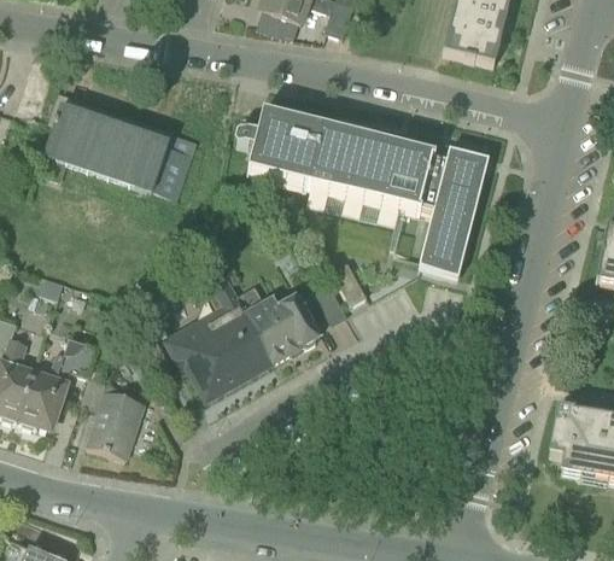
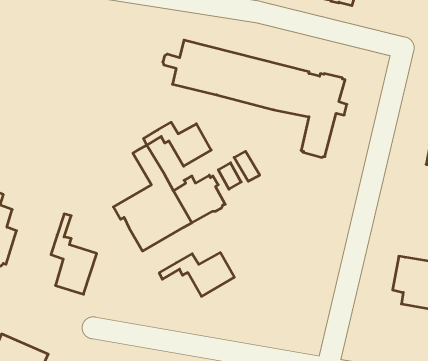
building: [43,90,199,195] -> none
building: none -> [144,122,211,166]
building: [19,338,99,428] -> none
building: none -> [159,253,234,296]

